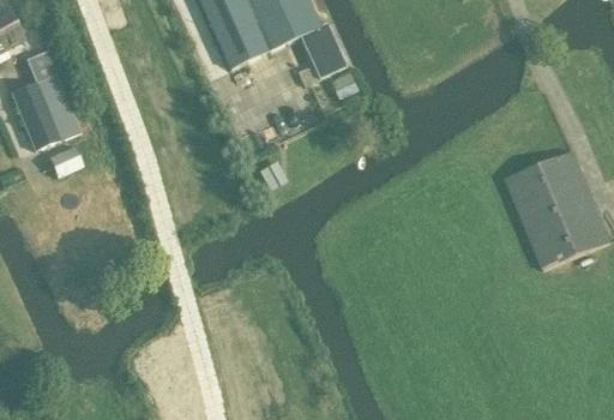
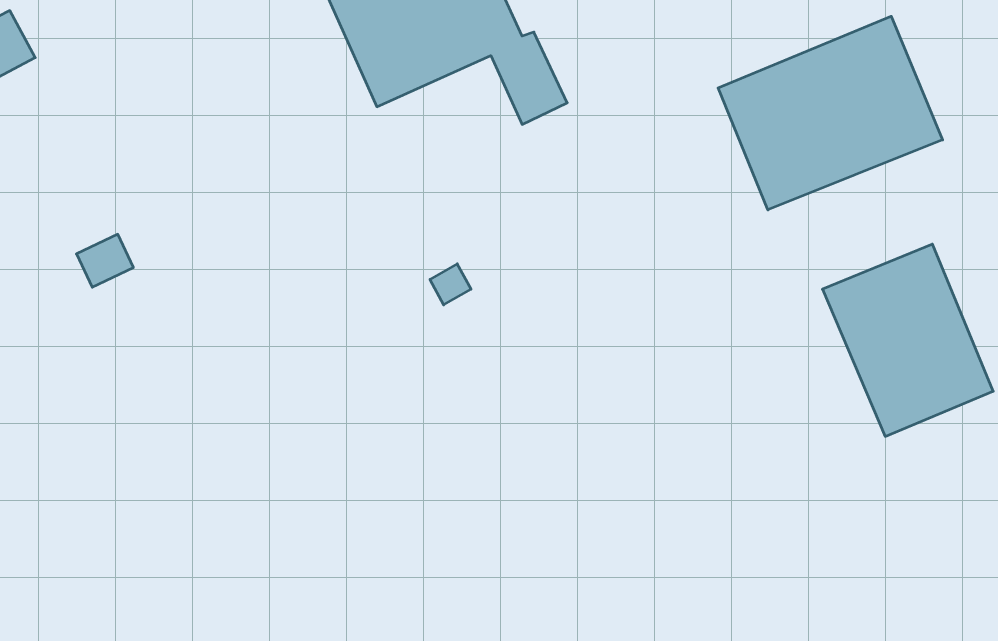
building: none -> [718,16,943,210]
building: [11,46,80,148] -> none

